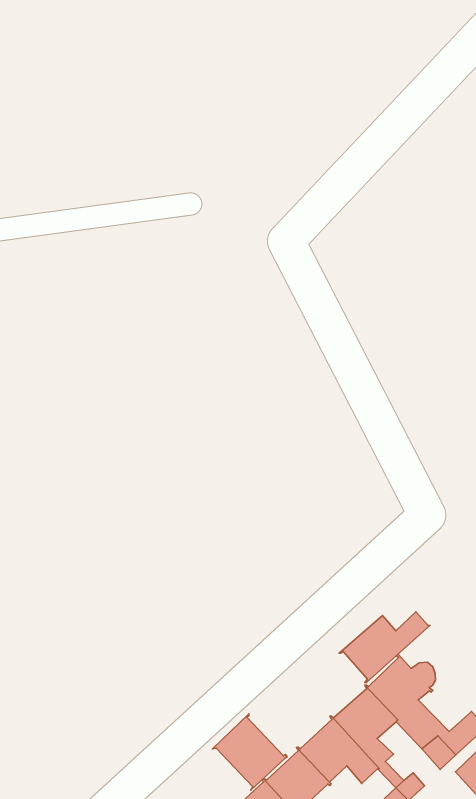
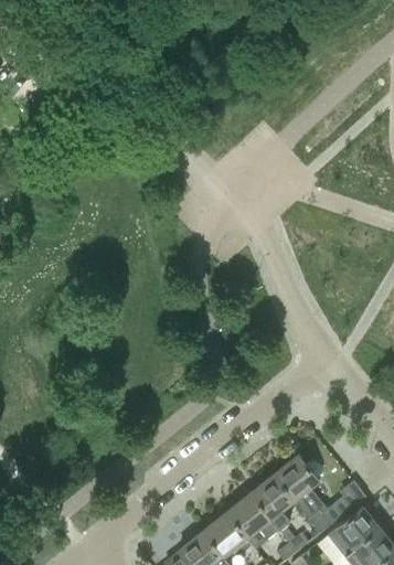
building: [339,612,430,683] -> none
building: [212,714,287,790] -> none

